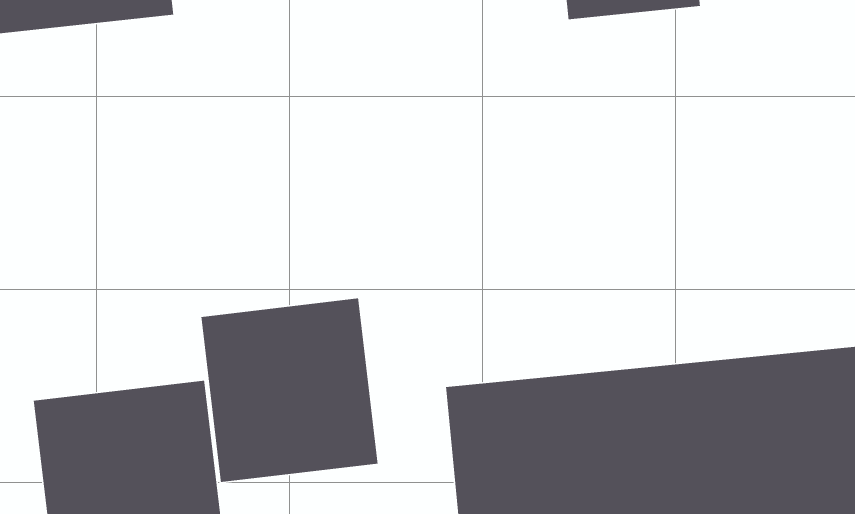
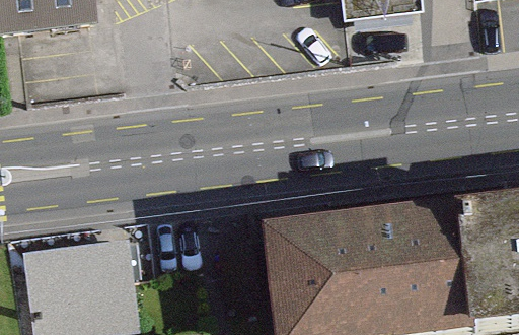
building: [201,298,378,483] -> none

